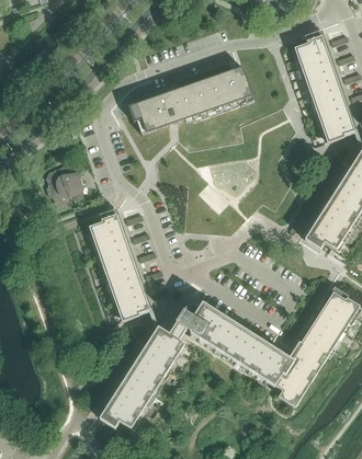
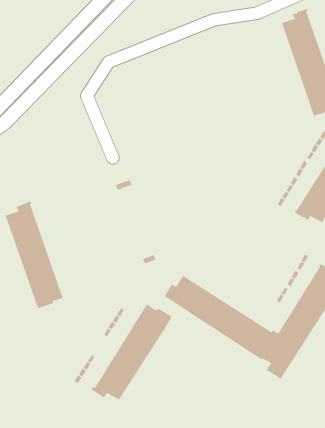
building: [133,65,252,133] -> none
building: [46,162,83,205] -> none
building: [89,210,148,319] -> [5,201,63,309]

